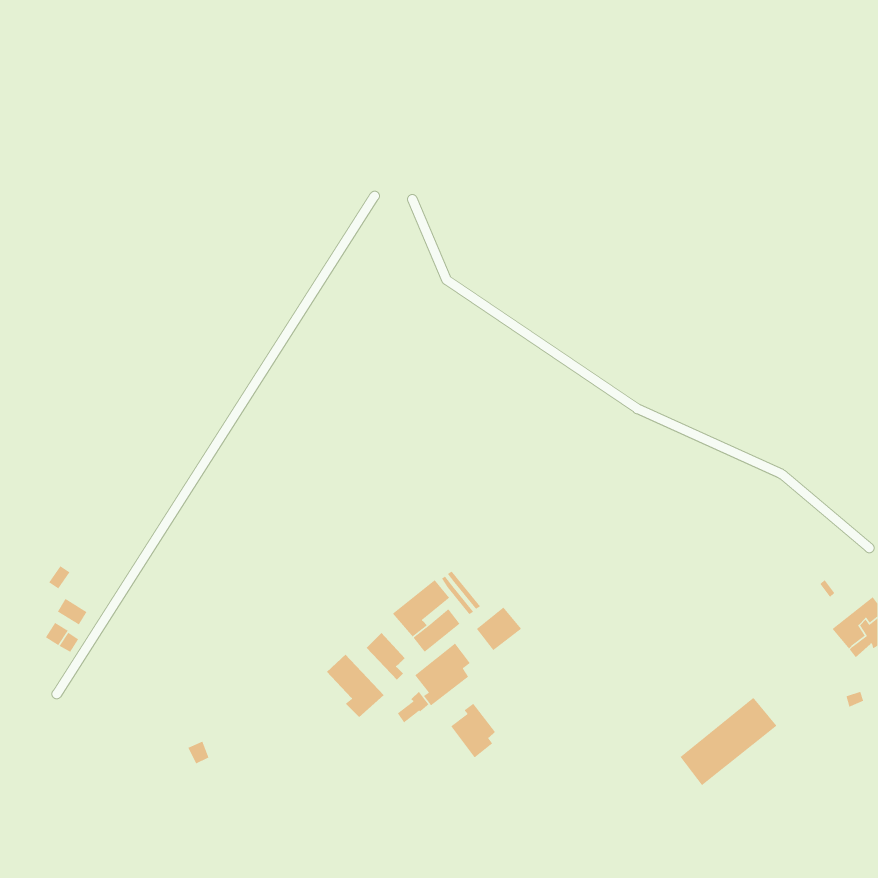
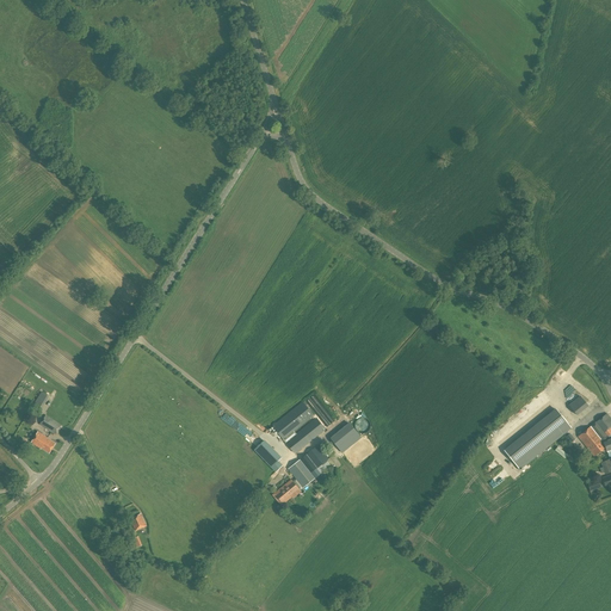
building: [326,654,385,718] -> none
building: [679,697,777,786] -> [504,408,572,470]
building: [450,703,496,758] -> none

